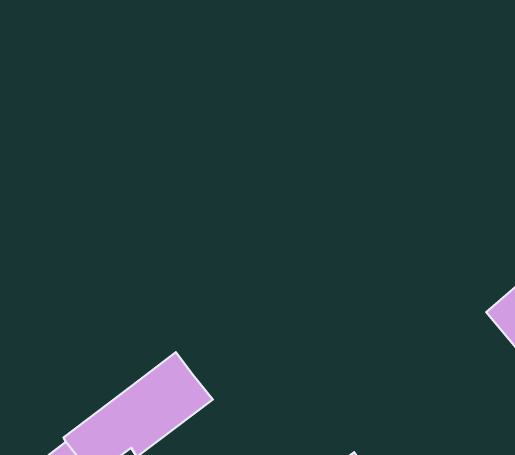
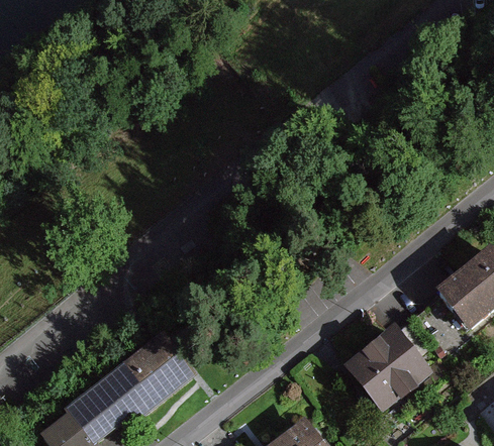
building: none -> [349,328,424,404]

